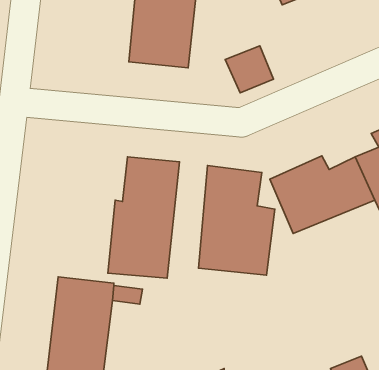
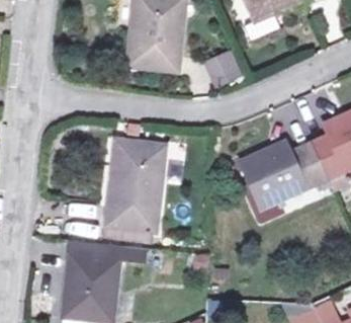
building: [198,166,275,275] -> none

